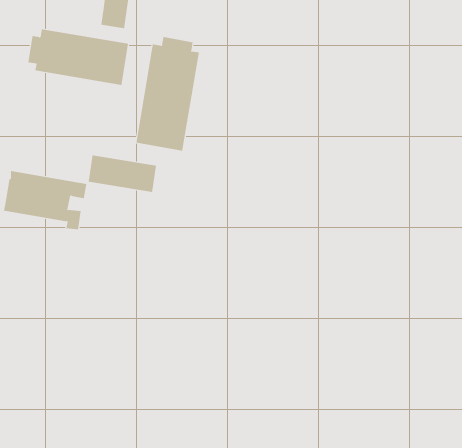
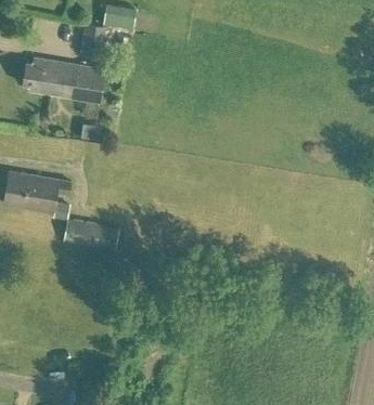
building: [136,36,199,151] -> none
building: [88,155,157,192] -> [64,219,119,249]

